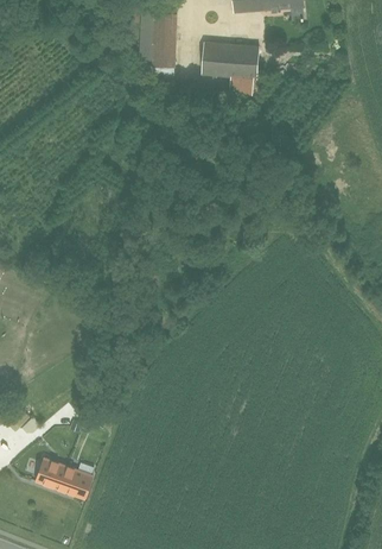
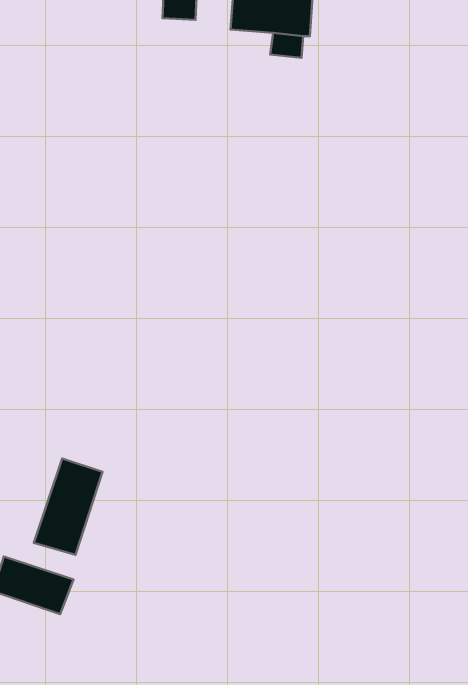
building: none -> [34,458,102,555]

